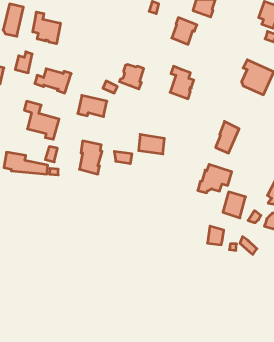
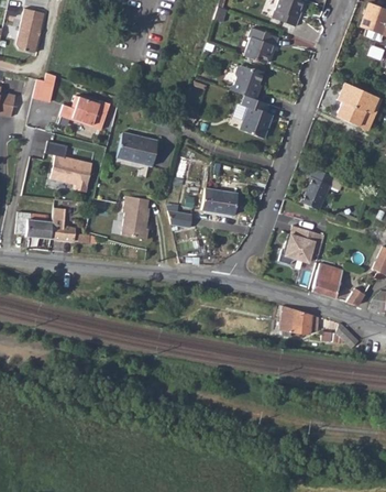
building: [33,12,60,44] -> none
building: [119,65,144,89] -> [231,64,264,97]

